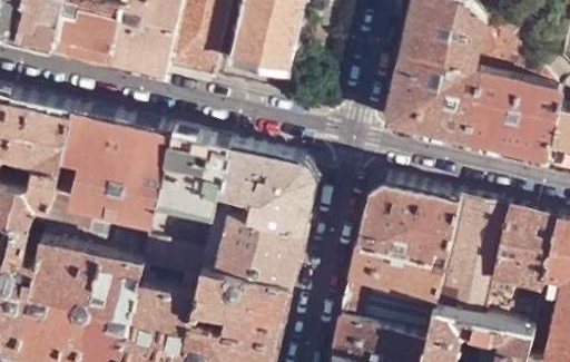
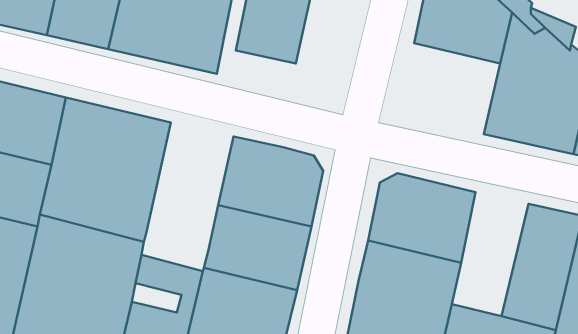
building: [387,59,482,145] -> none
building: [148,134,230,254] -> none
building: [436,199,509,316] -> none

